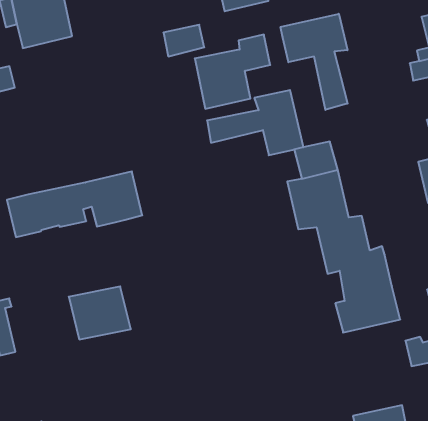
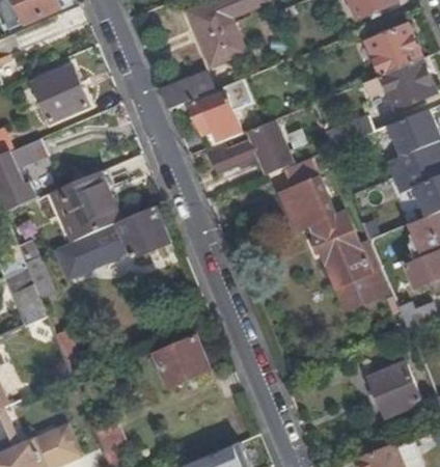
building: [281,14,348,110] -> none
building: none -> [52,173,119,241]
building: [69,286,131,339] -> [155,337,210,386]

